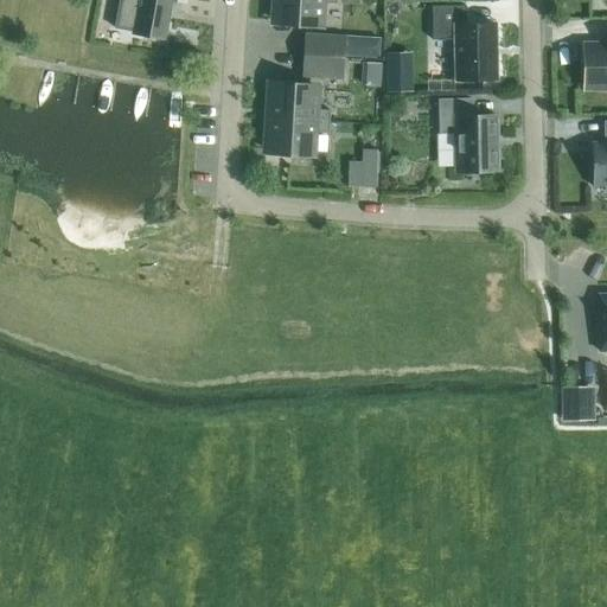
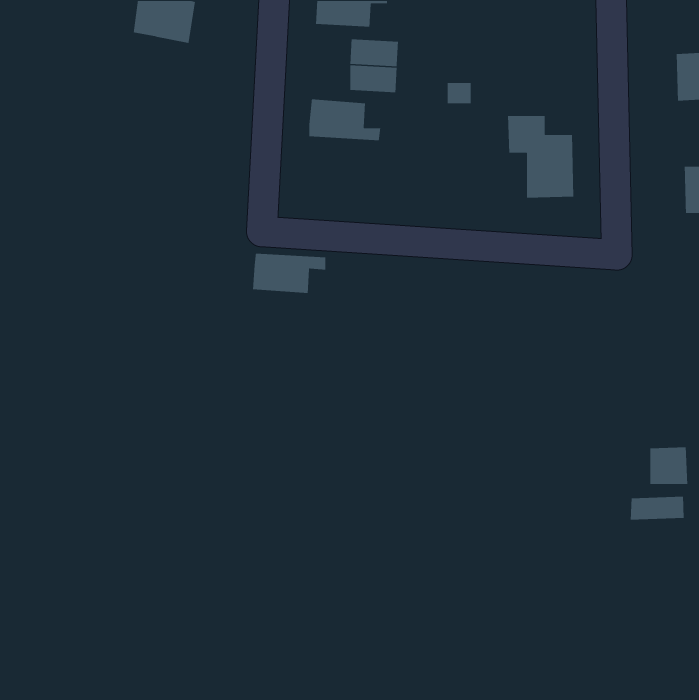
building: [433,6,497,81] -> none
building: [345,36,381,58] -> none
building: [266,119,330,154] -> [252,253,326,294]
building: [349,149,378,187] -> none
building: none -> [630,496,684,521]

